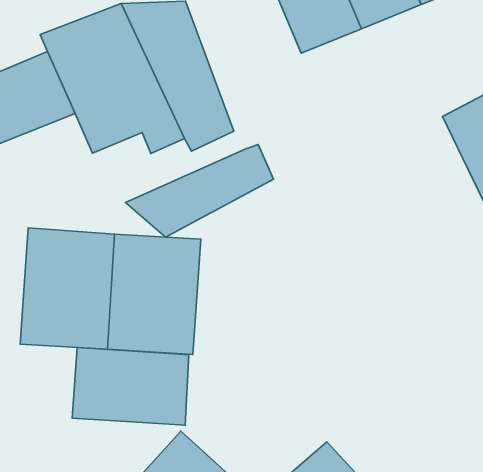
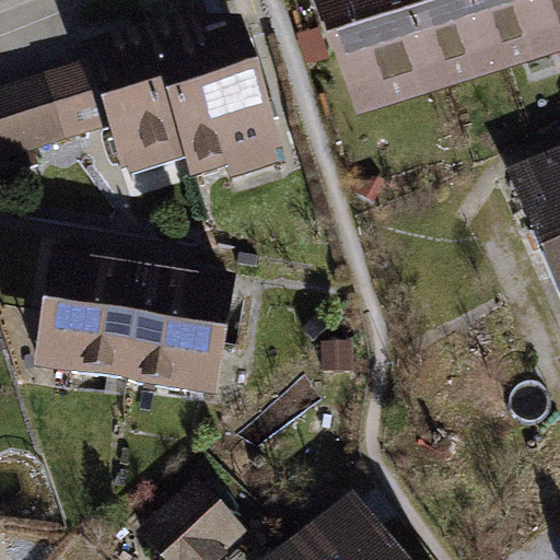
building: [126,145,273,237] -> none
building: [72,347,189,425] -> none

